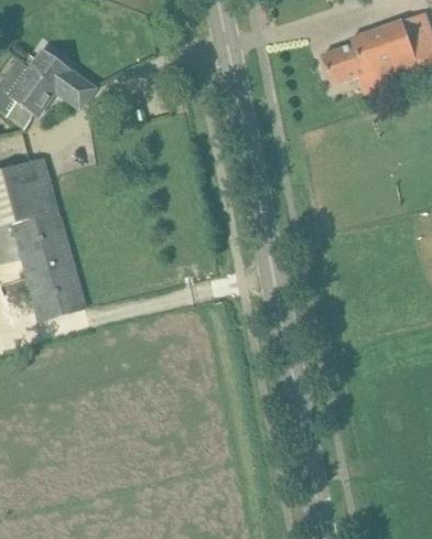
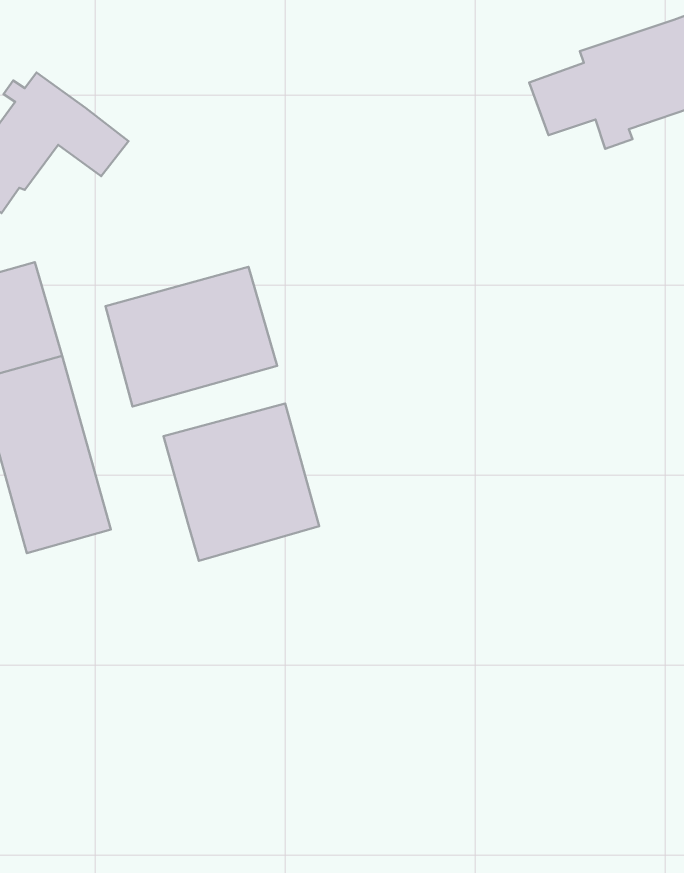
building: none -> [106,267,277,406]
building: none -> [164,403,319,561]

